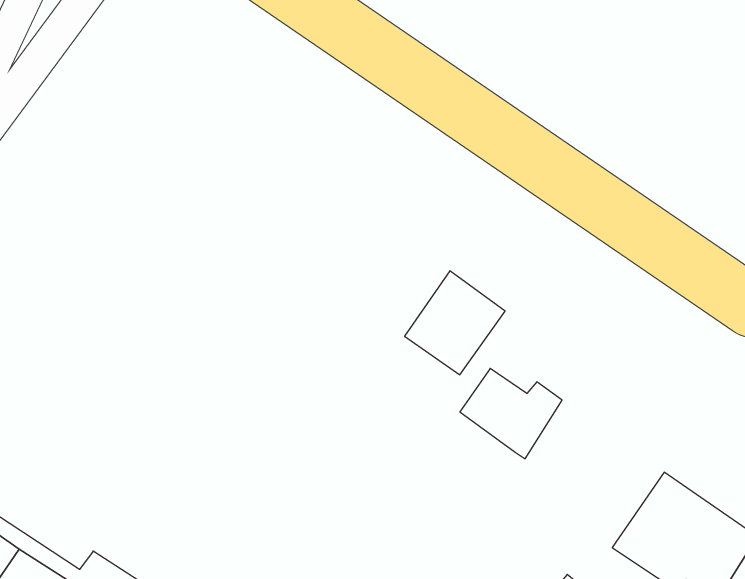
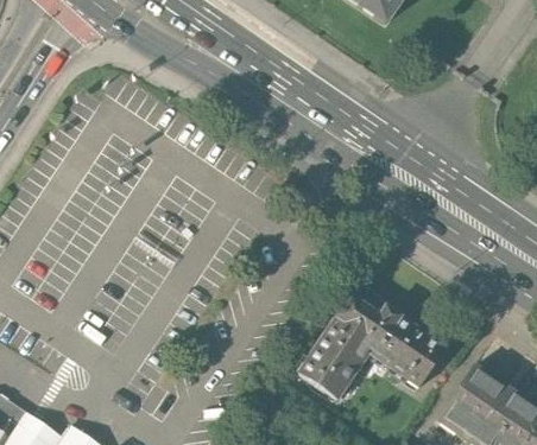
building: [405,271,505,375] -> [298,325,369,399]
building: none -> [377,317,447,388]

